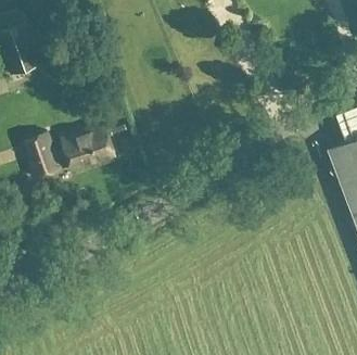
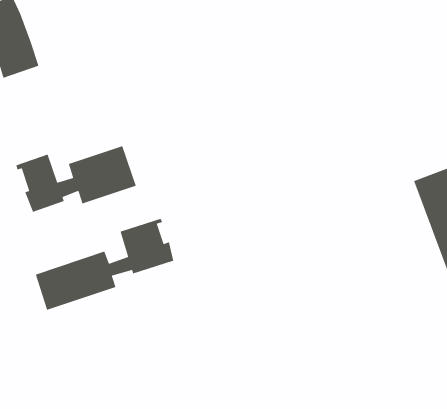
building: none -> [35,218,174,311]

